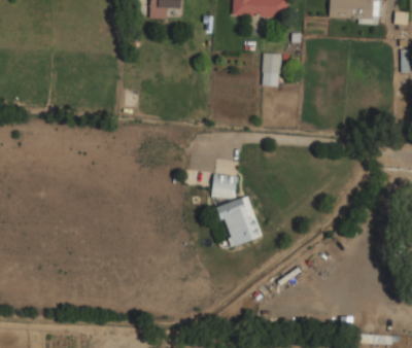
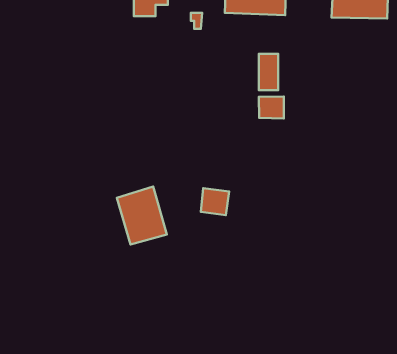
building: none -> [259,97,284,118]
building: [215,196,261,248] -> [117,187,167,245]

